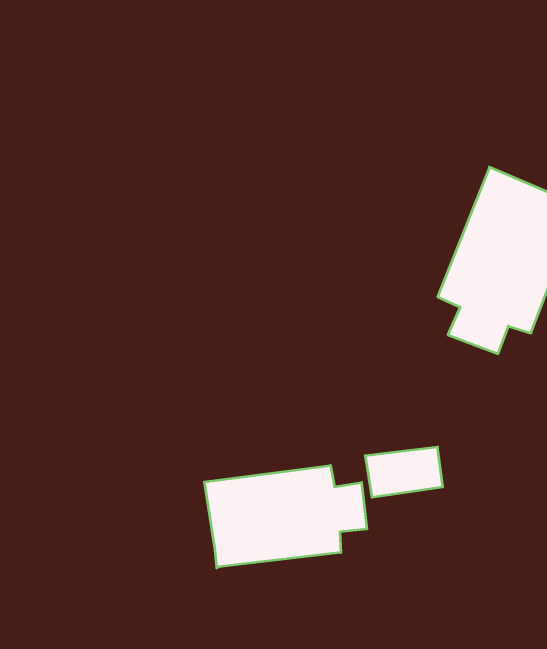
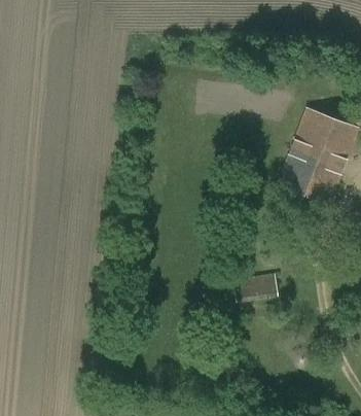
building: [204,465,367,568] -> none

